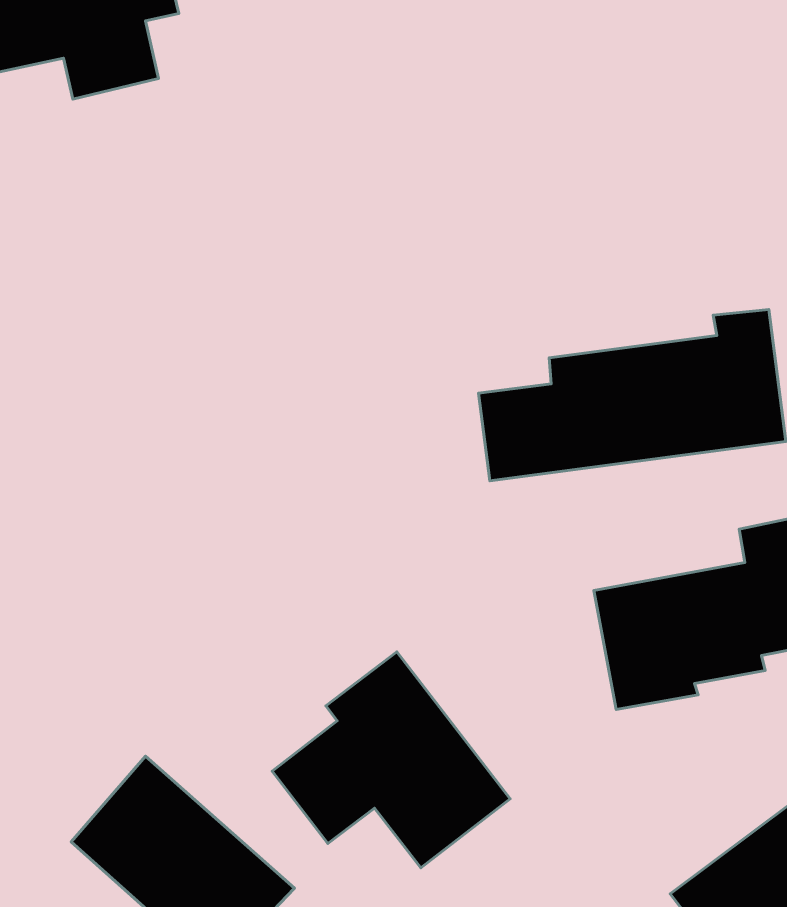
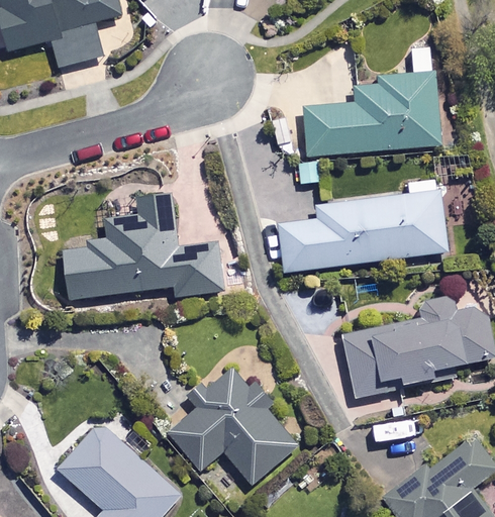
building: none -> [303,45,439,158]
building: none -> [62,195,222,302]

